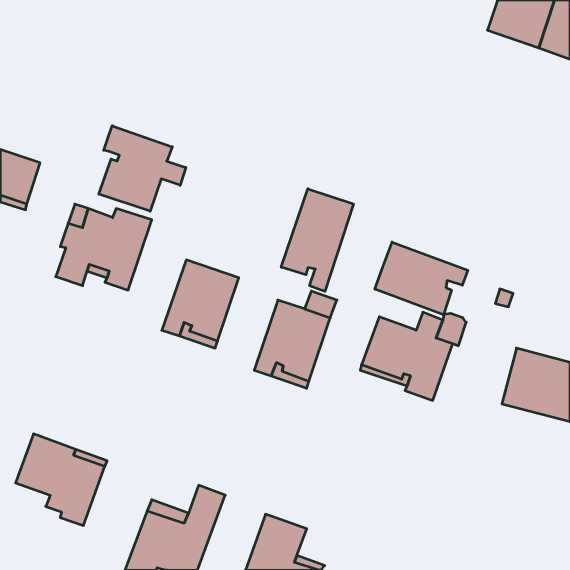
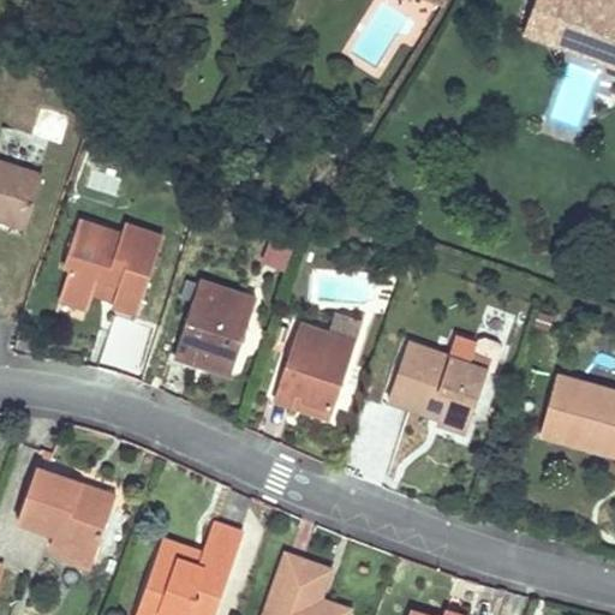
building: [99,126,186,211] -> none
building: [281,189,353,291] -> none
building: [375,242,468,315] -> none

